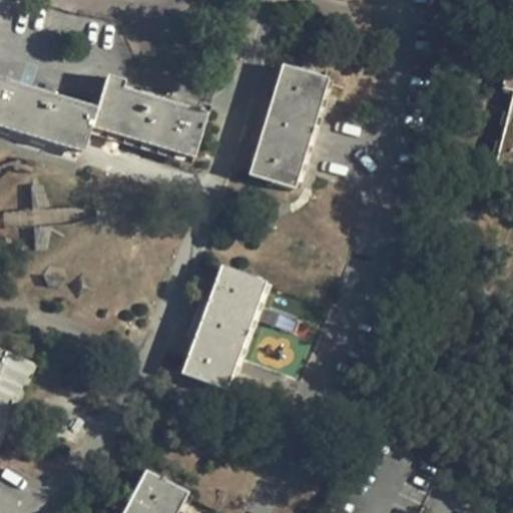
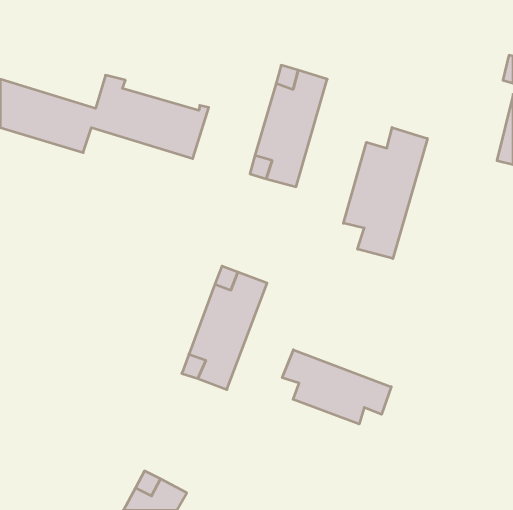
building: none -> [343,127,427,259]
building: none -> [282,350,391,424]

